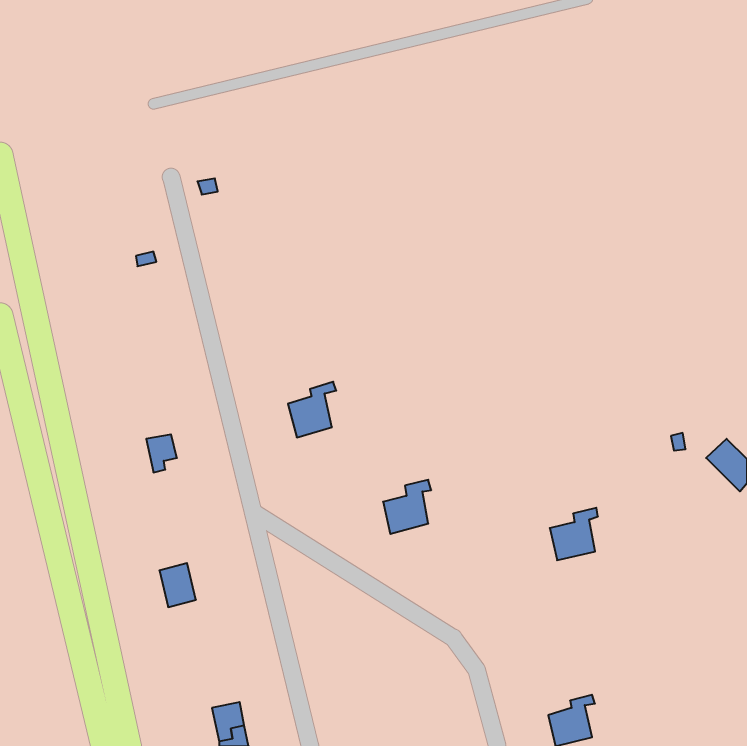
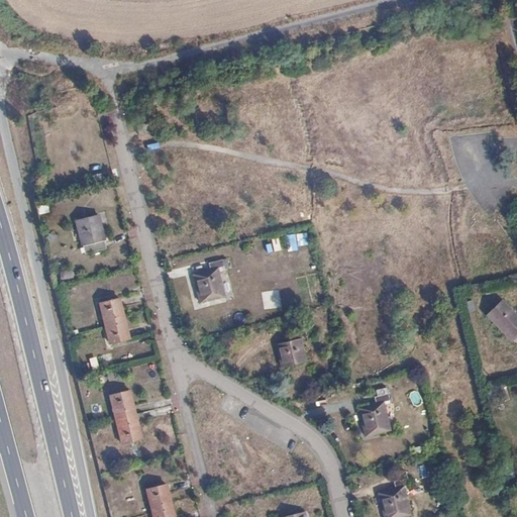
building: none -> [78,216,109,254]
building: none -> [106,316,128,344]
building: [550,508,598,560] -> [359,396,393,432]
building: none -> [116,414,141,443]

